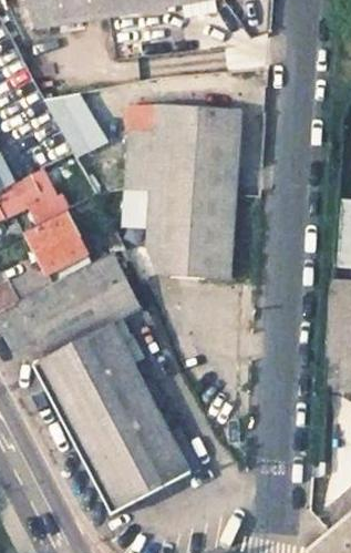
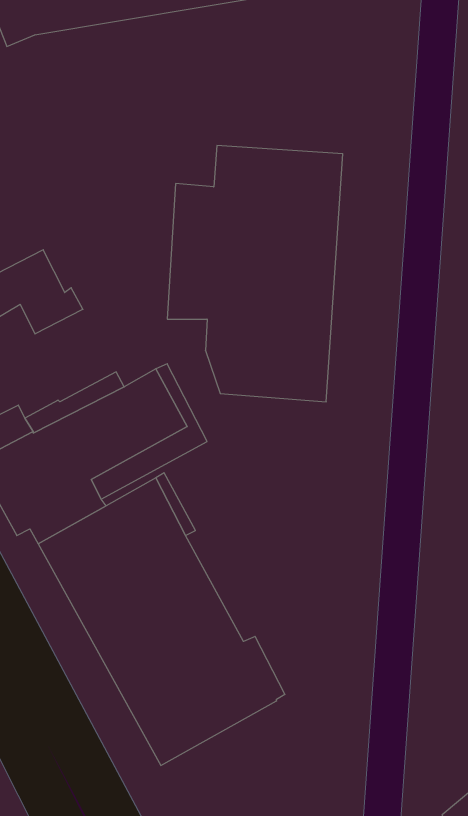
building: [44,84,102,154] -> none
building: [31,216,89,273] -> none

